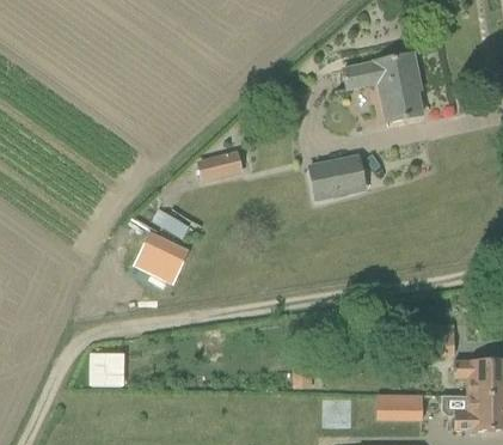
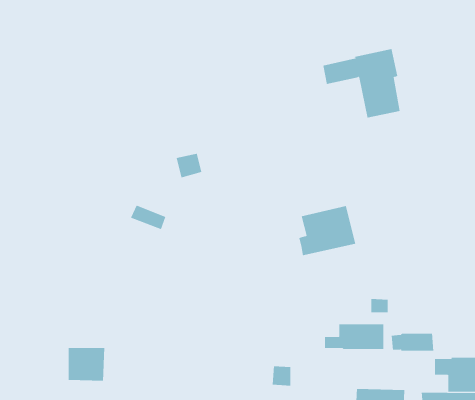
building: [309,152,367,202] -> [298,206,356,256]
building: [134,233,188,284] -> none
building: none -> [325,324,384,350]

